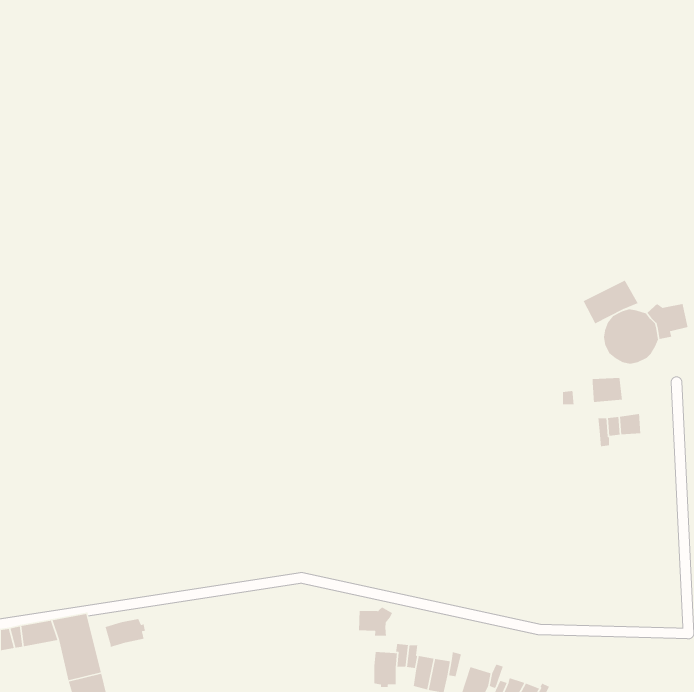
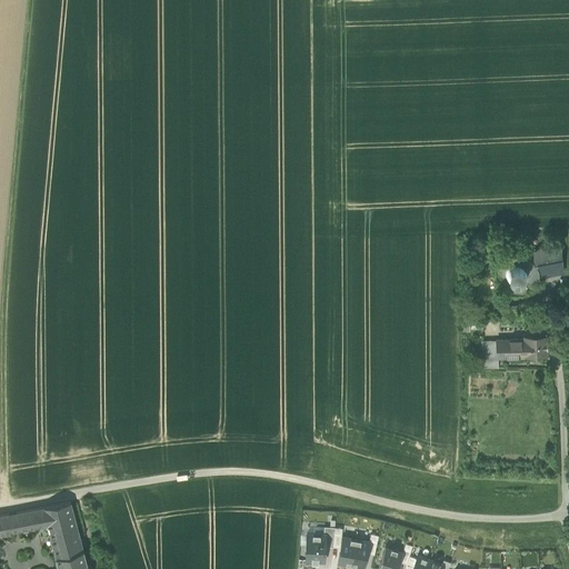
building: [583,279,639,325] -> none
building: [592,377,623,403] -> [523,336,549,357]
building: [358,607,393,636] -> none
building: [104,618,146,648] -> none

